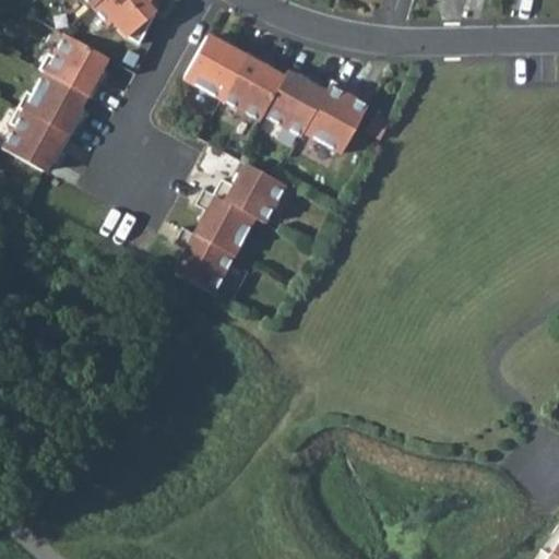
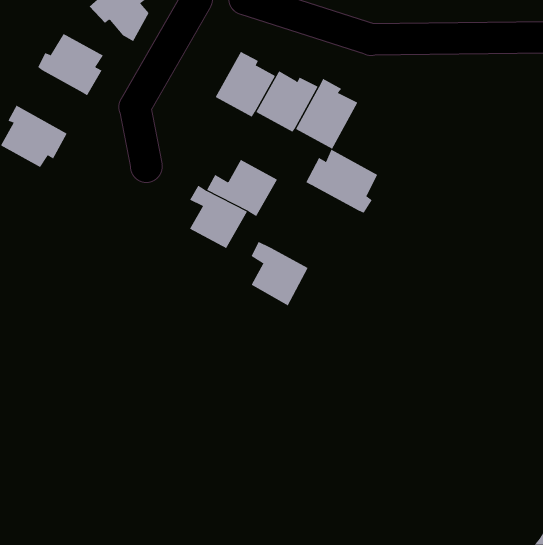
building: [185,35,249,99] -> none
building: [20,72,87,136] -> none
building: none -> [306,149,378,213]
building: [176,227,235,294] -> [251,241,308,306]

